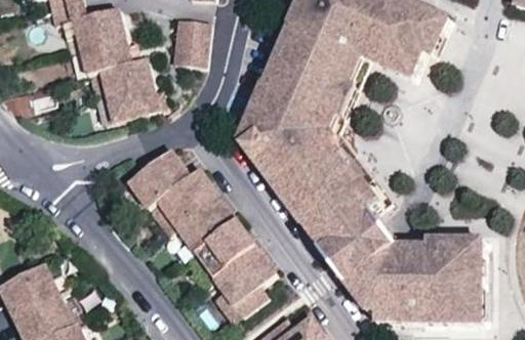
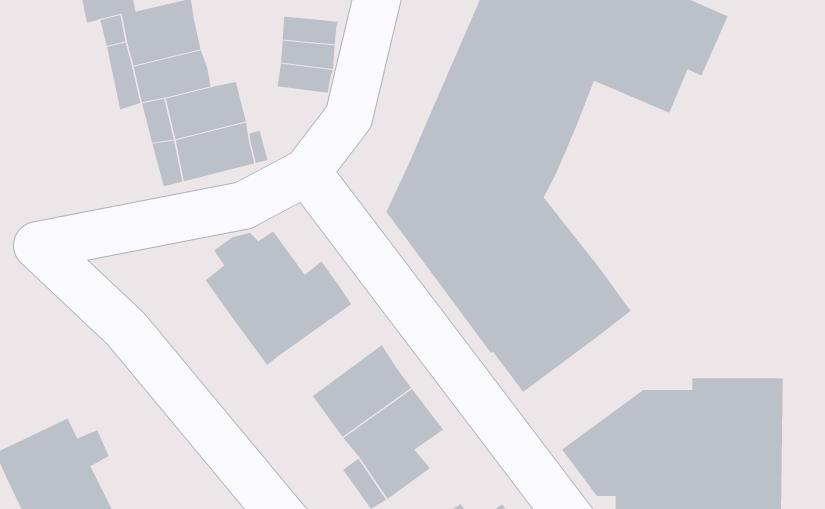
building: [174,195,236,251] -> none
building: [322,214,396,284] -> none

